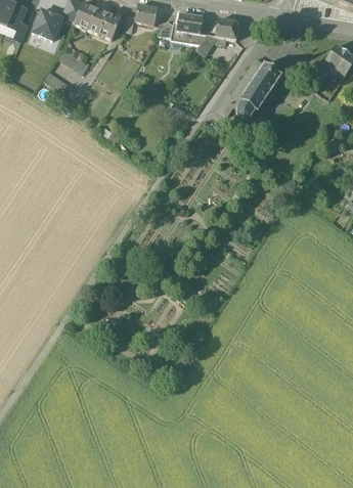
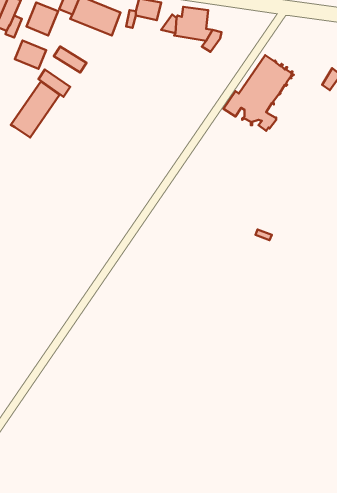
building: [213,19,237,45] -> none
building: none -> [15,40,46,69]
building: none -> [11,82,59,137]

